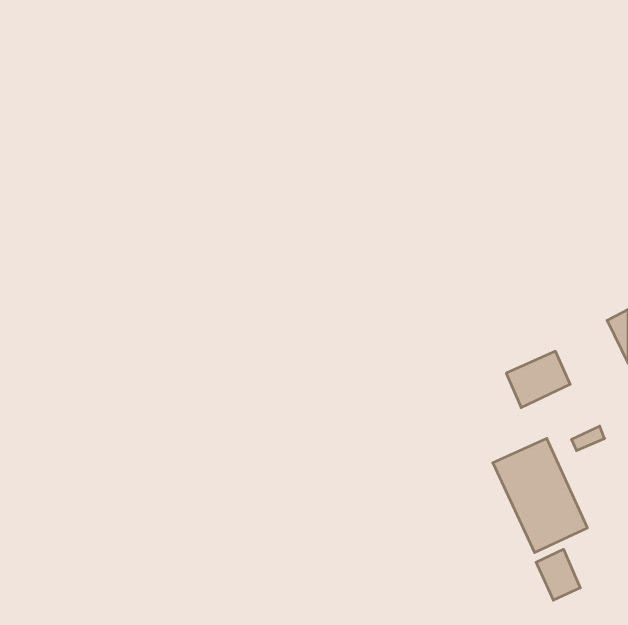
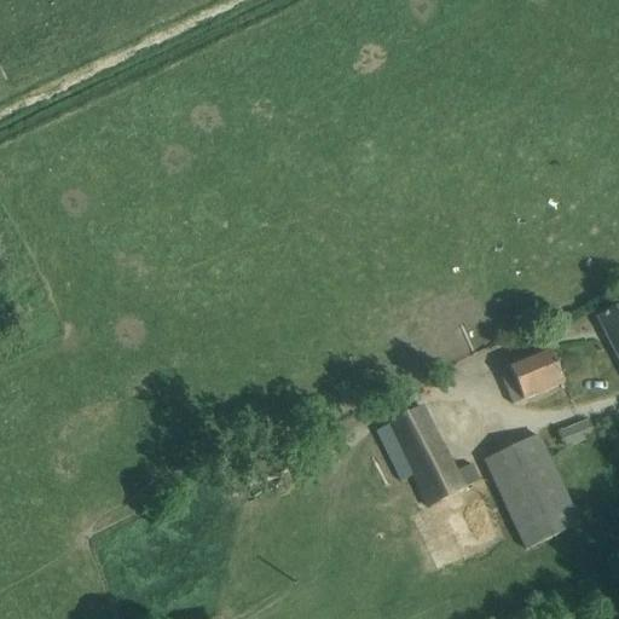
building: none -> [375,406,479,504]
building: [536,549,580,600] -> none

